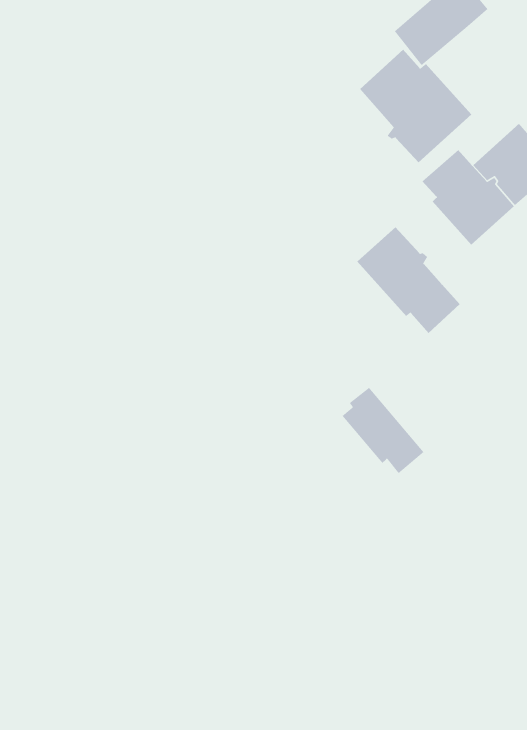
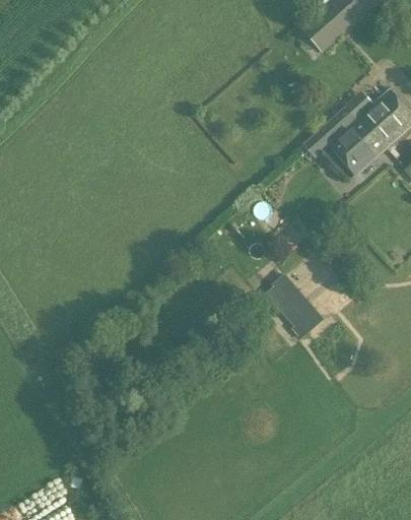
building: [359,49,472,163] -> none
building: [356,226,460,334] -> none

